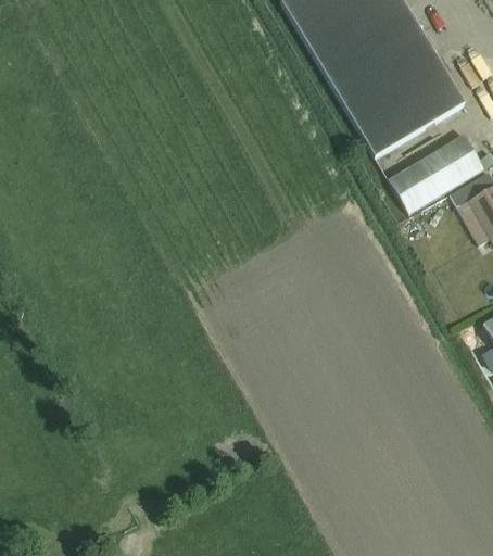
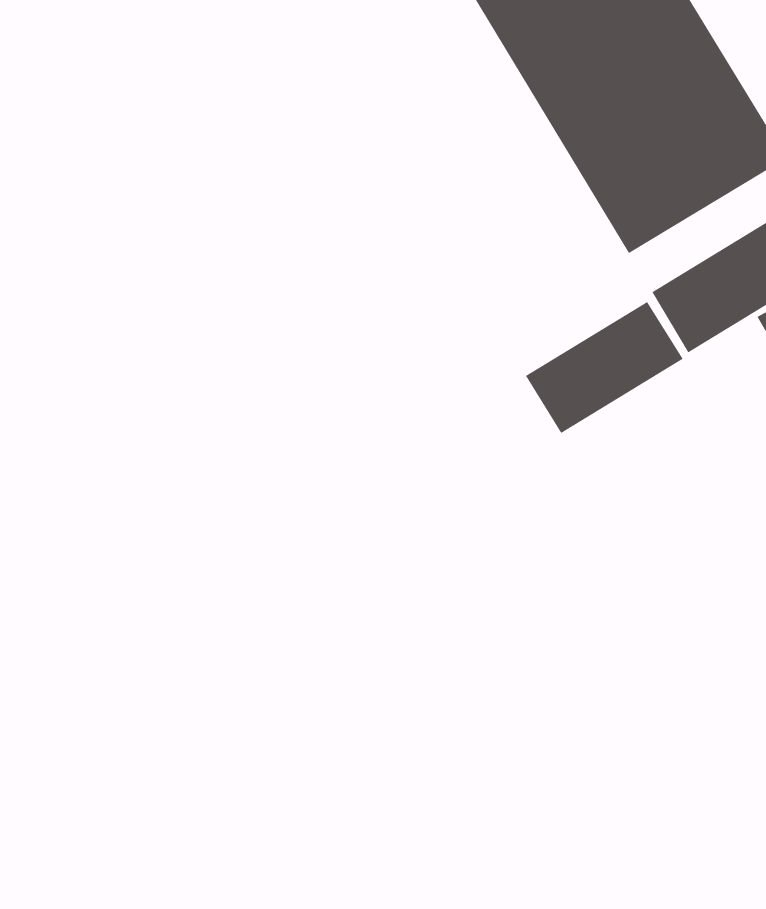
building: none -> [525,301,684,434]

